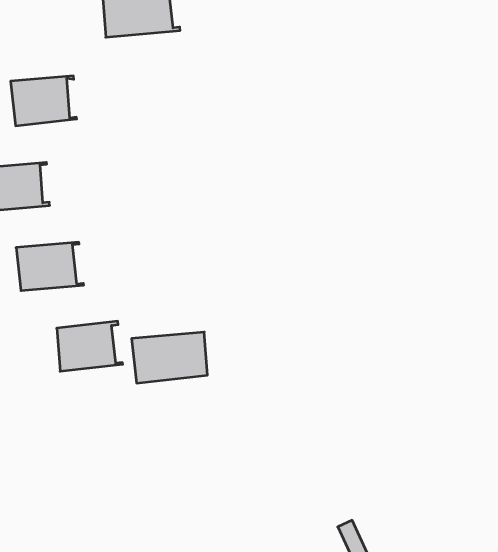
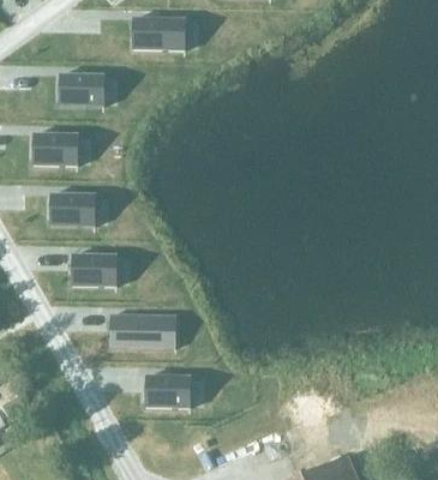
building: [132,332,207,383] -> [110,314,163,347]
building: none -> [145,376,191,407]

